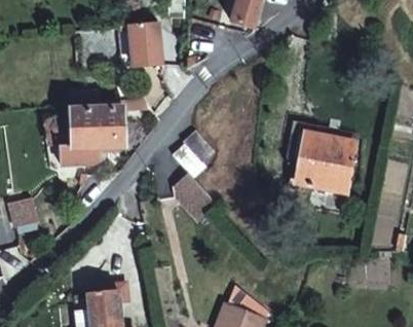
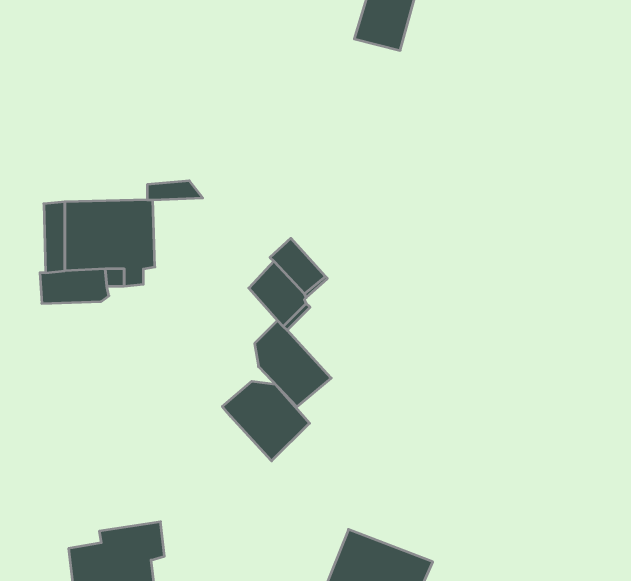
building: [127,23,159,67] -> none
building: [301,134,355,192] -> none
building: none -> [222,381,310,461]

